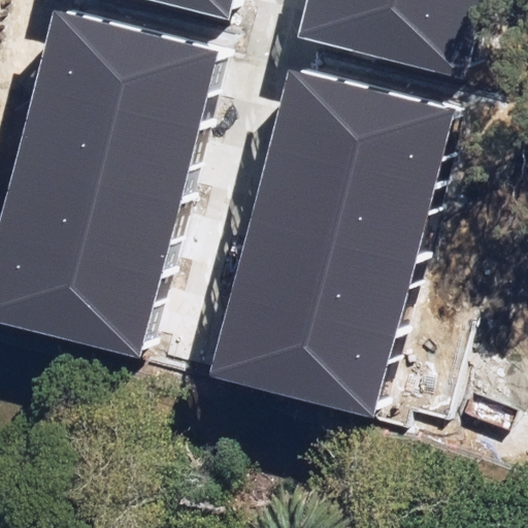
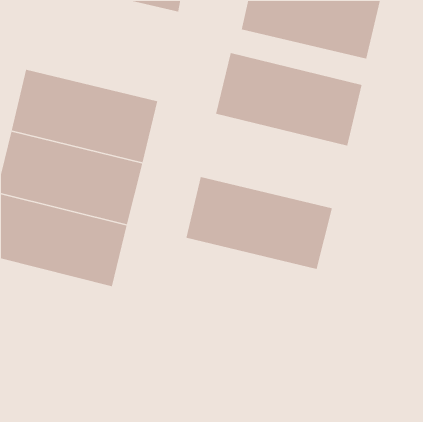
building: [32,9,216,127] -> none
building: [250,143,433,260] -> none
building: [211,298,395,415] -> none

